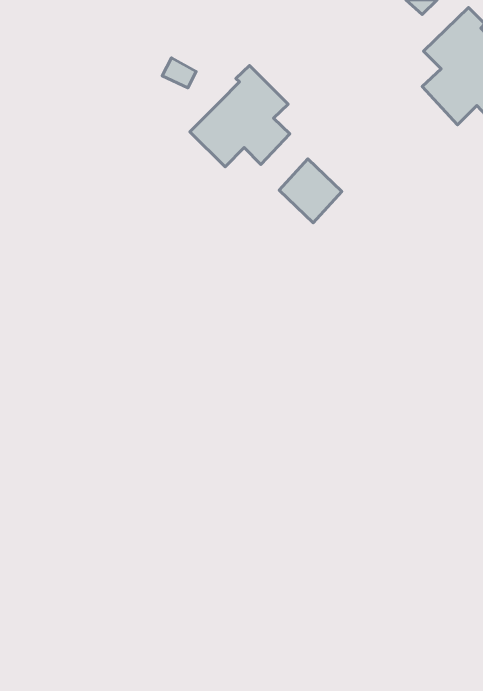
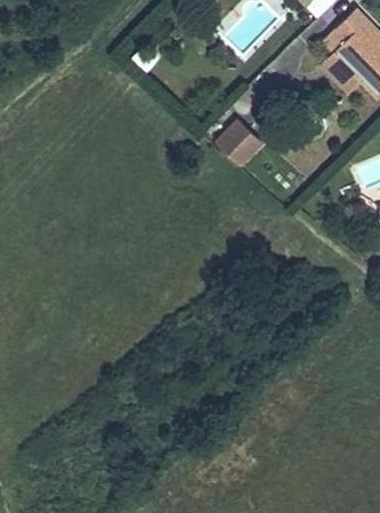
building: [190,65,290,167] -> none

